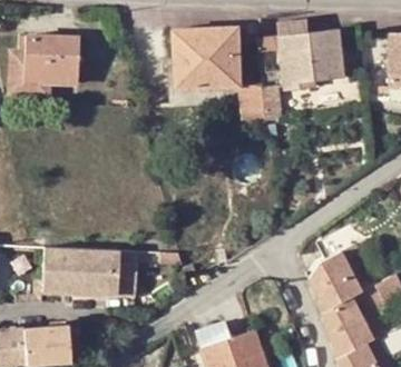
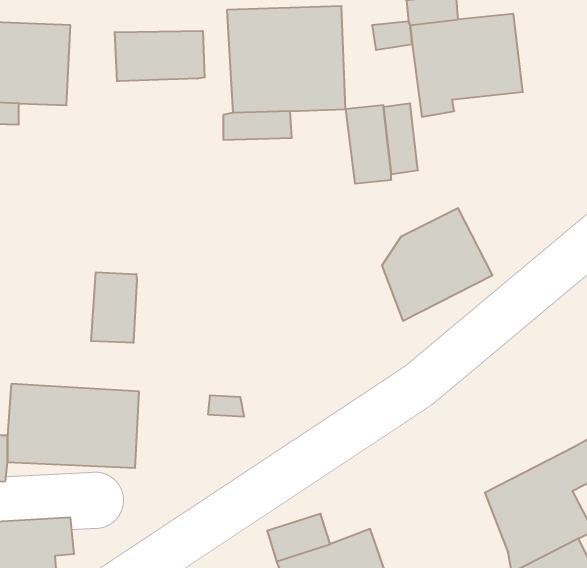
building: none -> [115,31,205,81]
building: none -> [91,272,137,343]
building: [310,245,374,310] -> [382,208,493,321]

